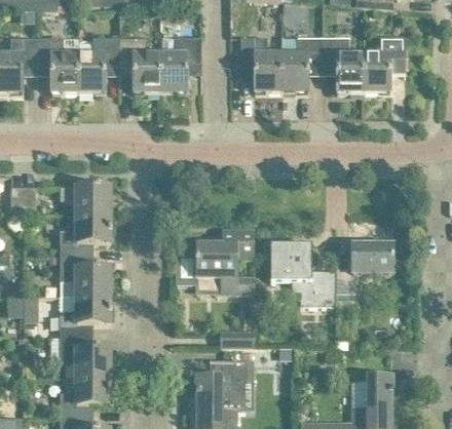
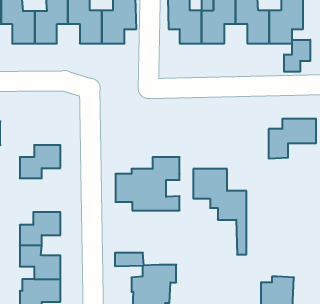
building: none -> [284,40,310,72]
building: [61,186,110,215] -> none
building: [336,243,393,291] -> [269,119,316,159]
building: [61,255,110,296] -> none
building: [221,330,256,347] -> [115,253,144,266]

